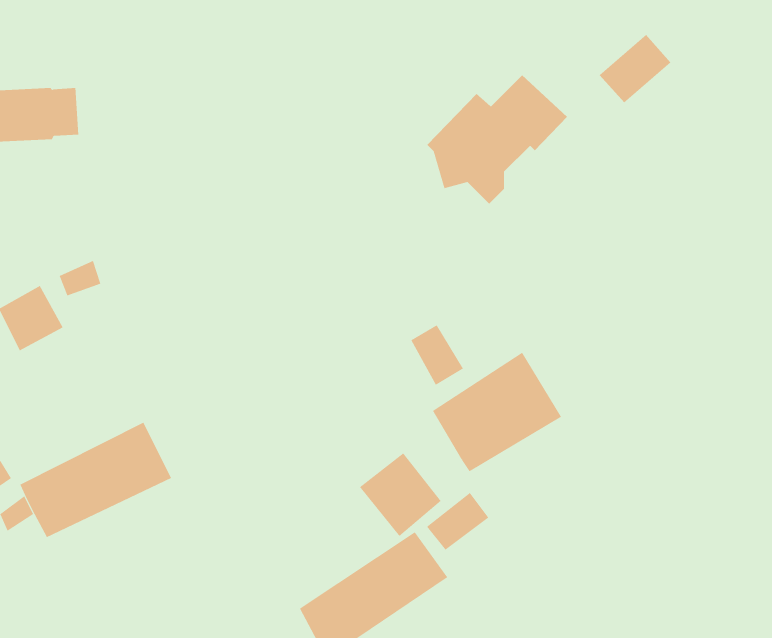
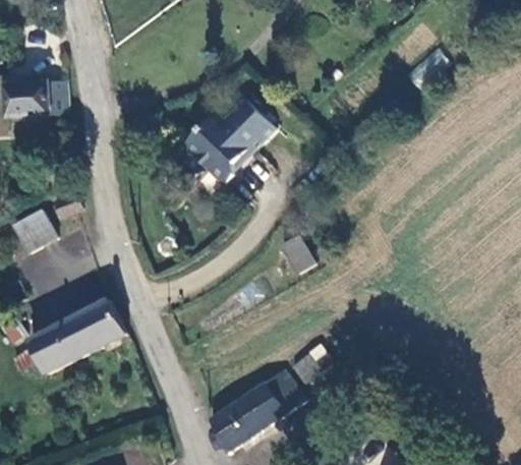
building: [426,74,568,205] -> [183,100,275,184]
building: [432,352,562,472] -> none
building: [359,452,442,537] -> none

